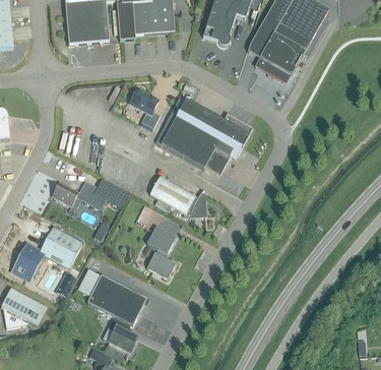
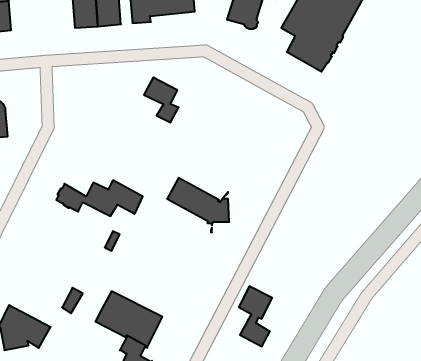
building: [161,101,252,174] -> none
building: [146,225,176,278] -> [239,286,272,346]
building: [11,227,81,280] -> none

